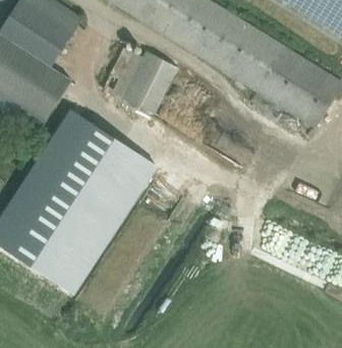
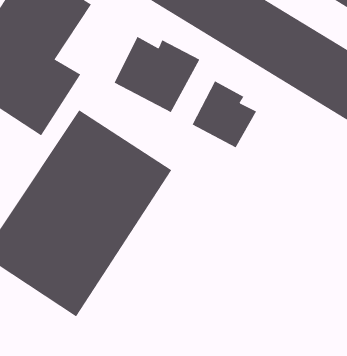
building: none -> [192,81,257,148]

